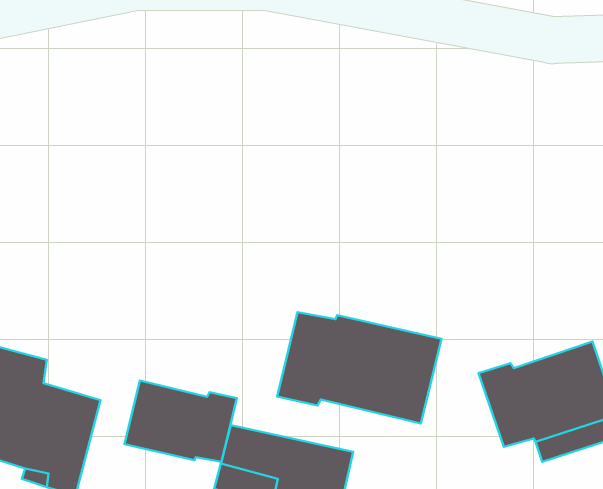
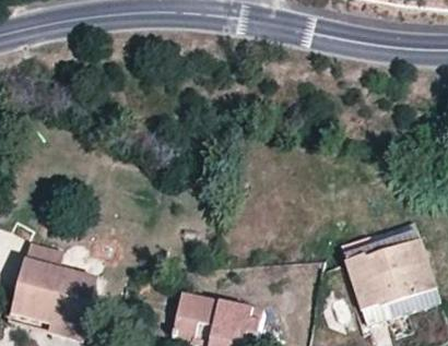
building: [277,312,441,423] -> none
building: [125,381,237,462] -> none

